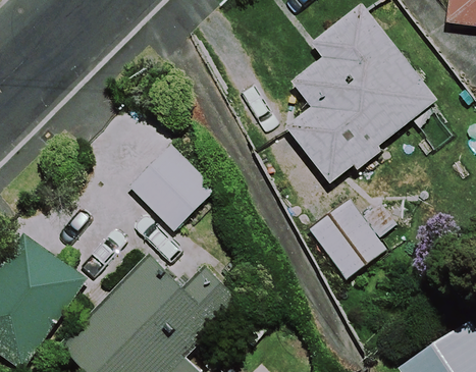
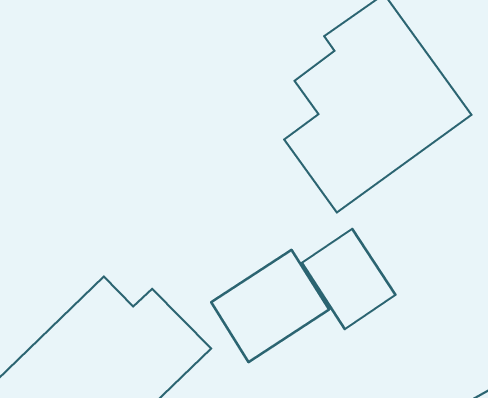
building: [128,144,216,231] -> none
building: none -> [211,250,329,362]

